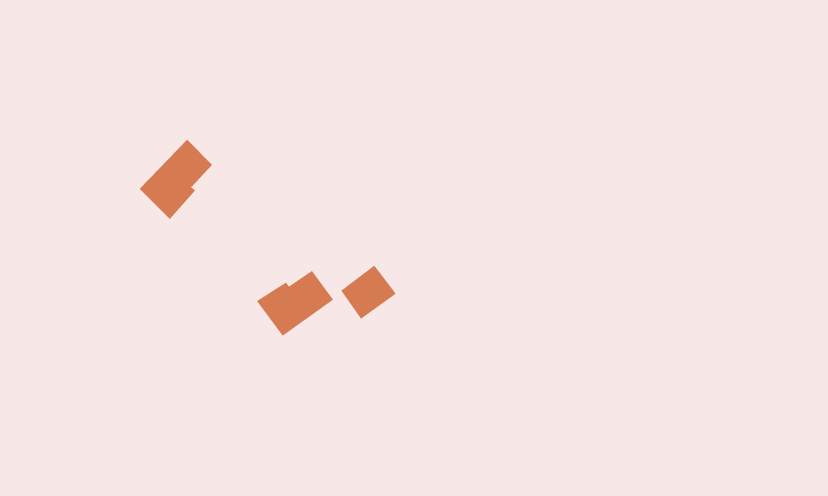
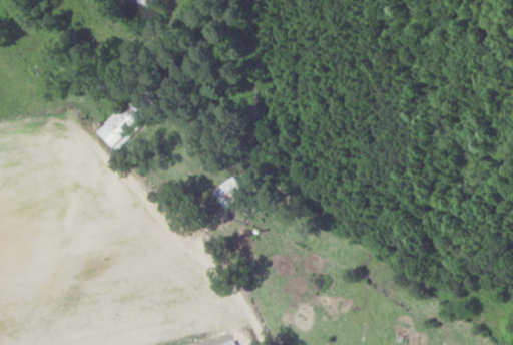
building: [256,270,334,337] -> none

